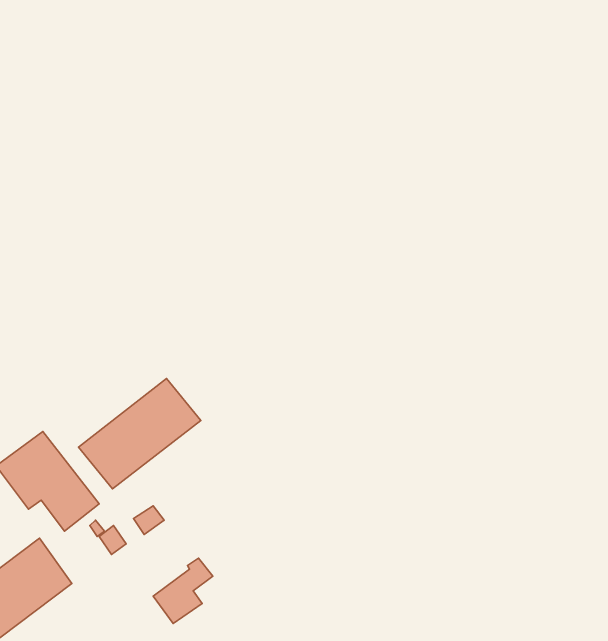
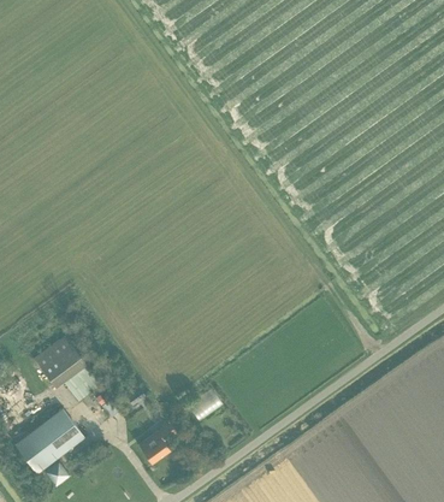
building: [78,379,201,489] -> none

